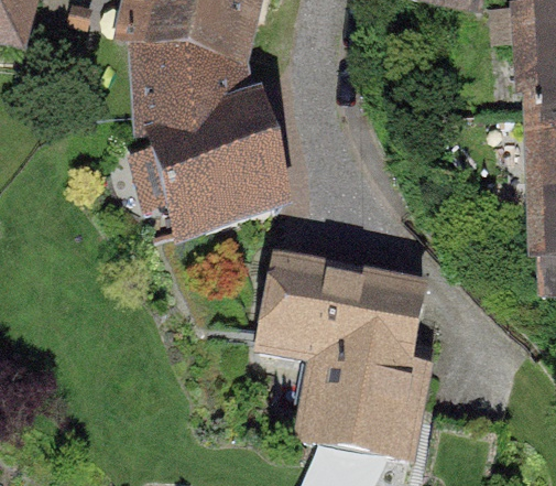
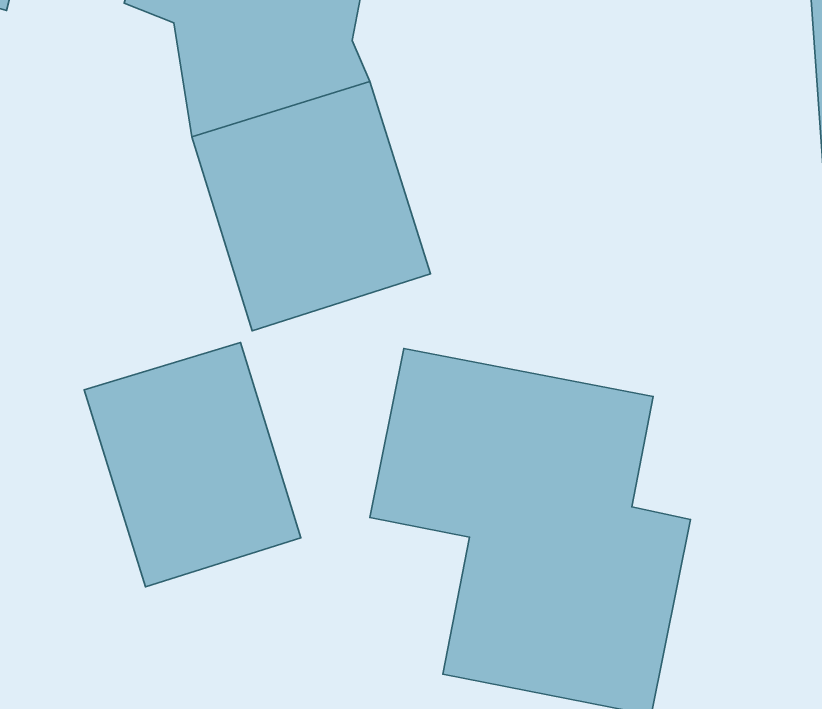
building: none -> [84,343,301,587]

